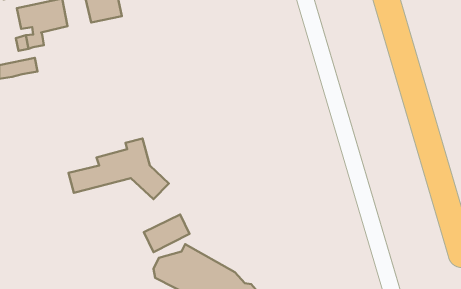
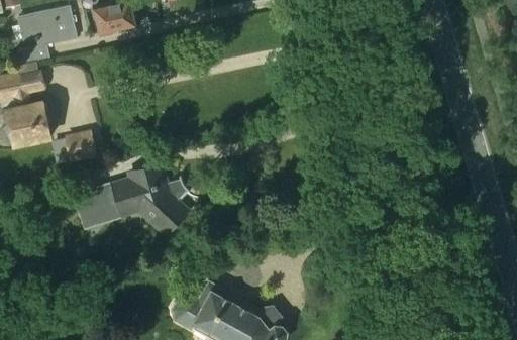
building: none -> [5,91,50,144]
building: none -> [66,131,95,160]
building: [144,215,190,252] -> none

